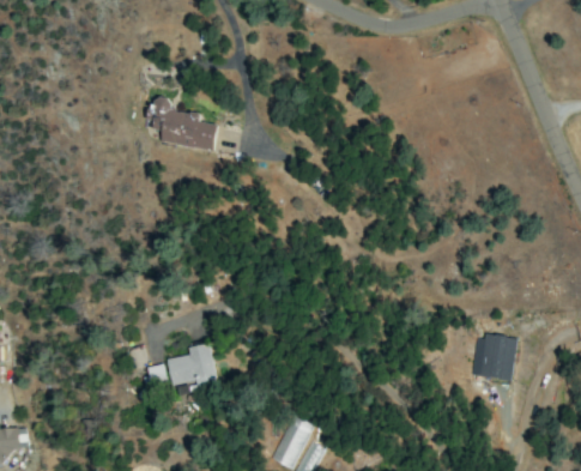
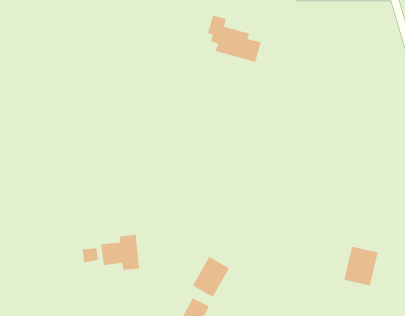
building: [147,96,217,151] -> [207,15,262,63]
building: none -> [192,256,230,298]

